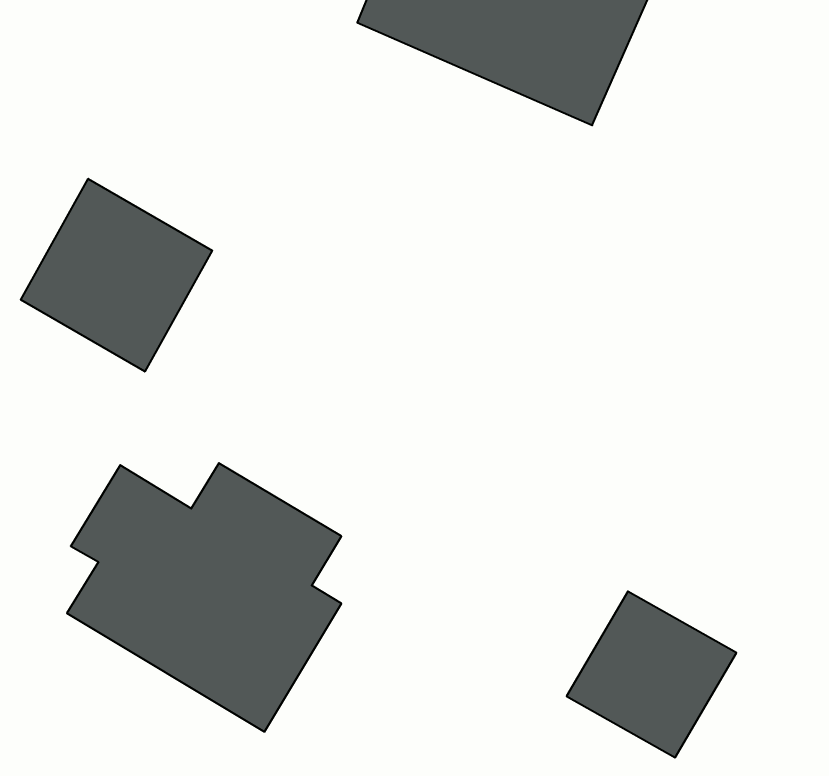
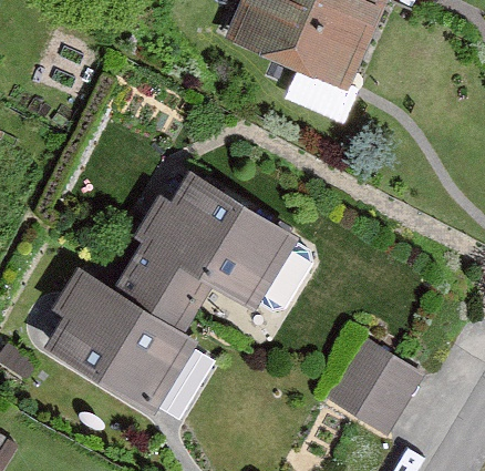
building: [21,179,212,372] -> none
building: none -> [132,181,308,326]

